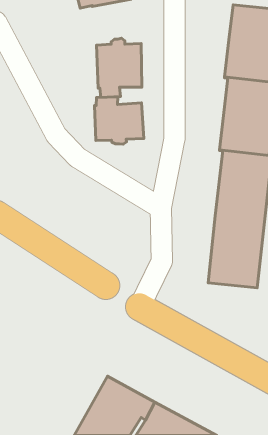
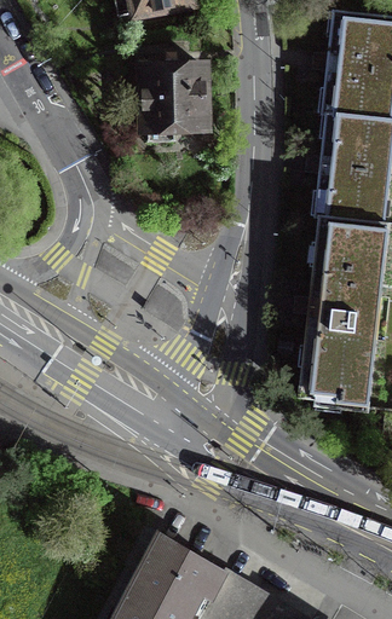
building: [94,97,144,144] -> none

